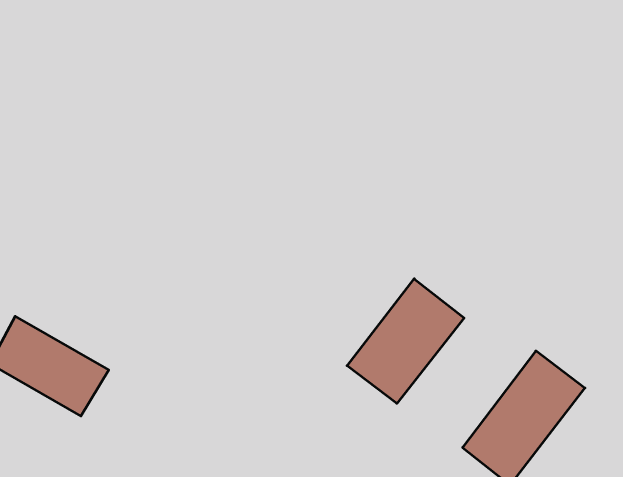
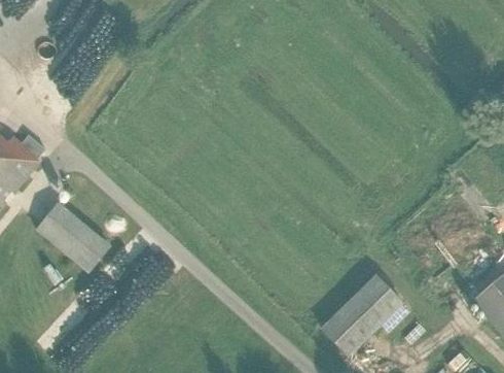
building: [347,279,464,403] -> none

